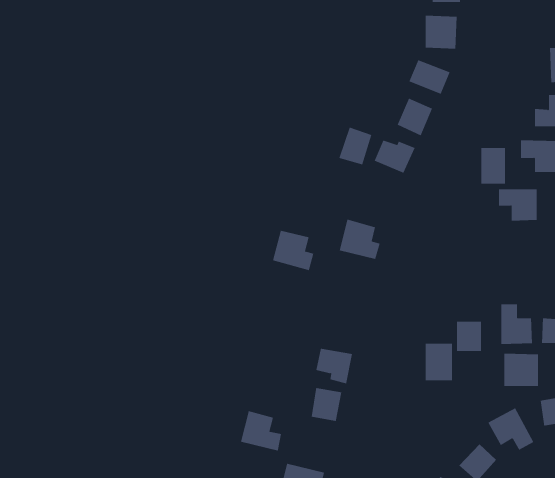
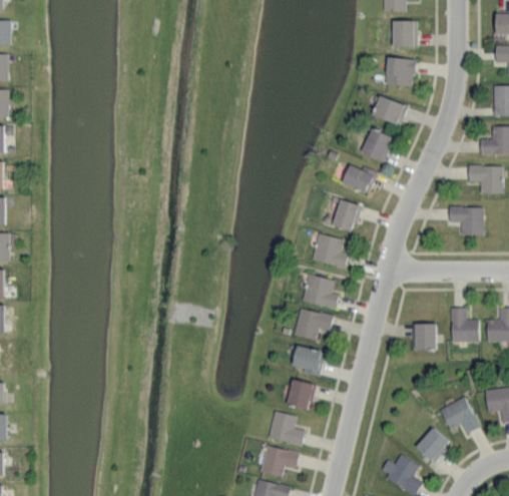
building: [339,127,372,165] -> [332,199,361,232]
building: [481,147,506,185] -> none
building: [272,230,314,271] -> [302,274,338,309]
building: none -> [293,307,333,339]
building: [425,343,452,381] -> none
building: [504,353,539,387] -> none
building: [240,410,282,451] -> [268,410,304,445]

